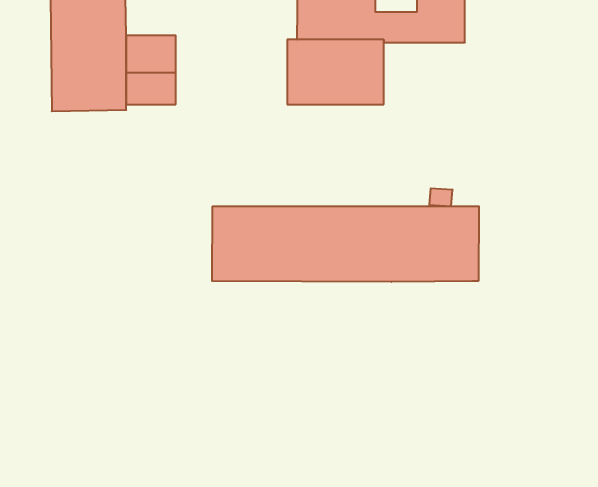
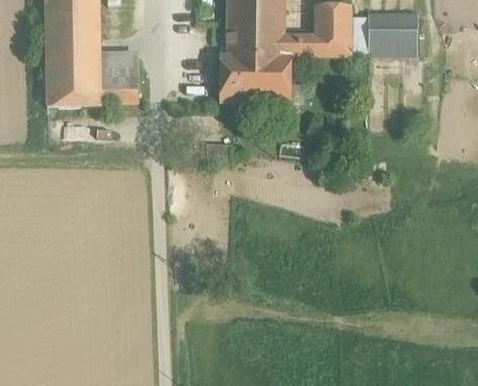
building: none -> [368,27,416,54]
building: [212,206,479,282] -> none

